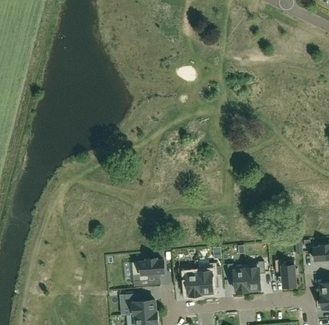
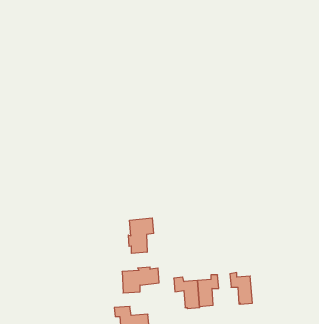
building: none -> [128,218,154,253]
building: [274,260,297,287] -> none
building: [245,261,264,290] -> none

